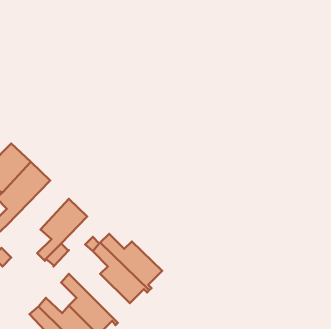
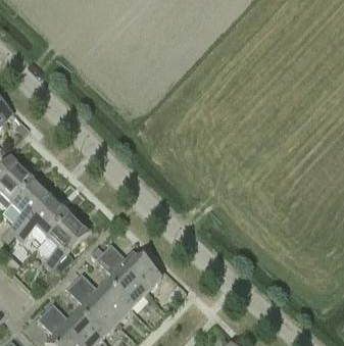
building: none -> [15,194,73,242]
building: none -> [73,275,131,328]

